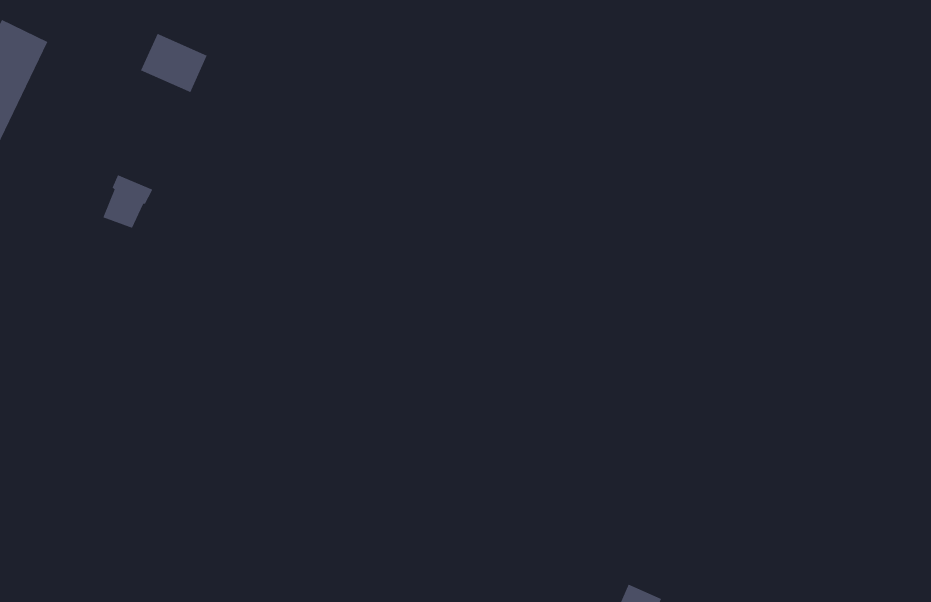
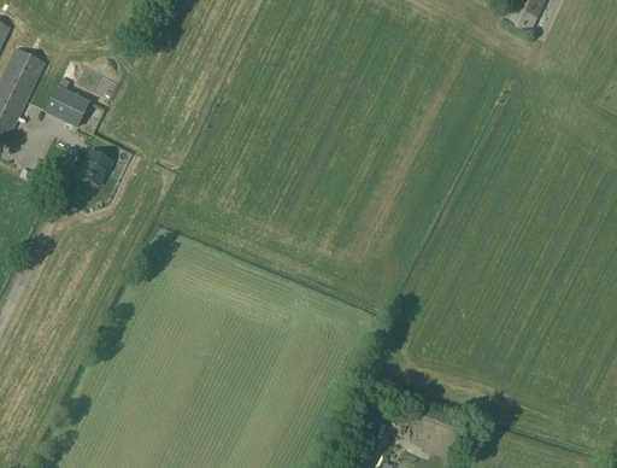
building: [140,33,208,93] -> [45,86,88,124]

